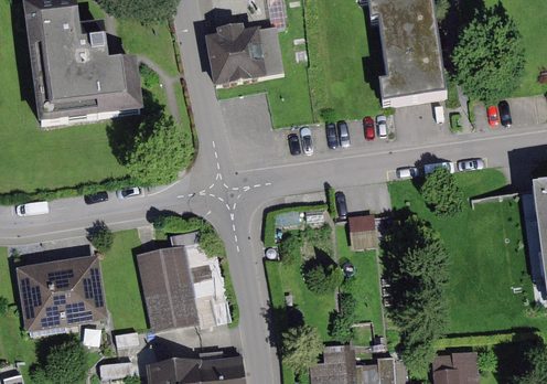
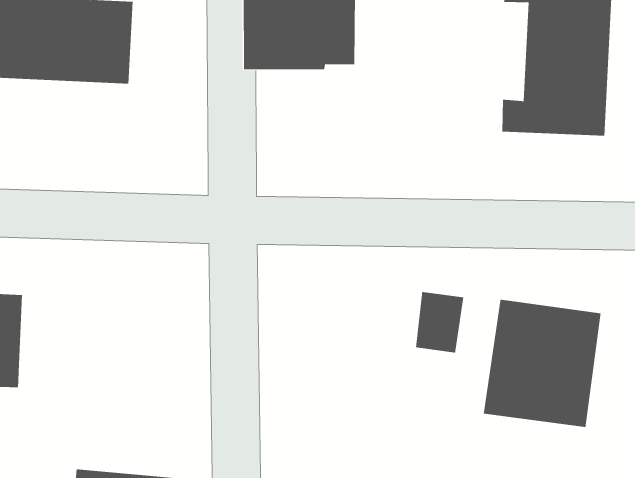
building: none -> [483,299,601,428]
building: [137,245,195,328] -> none

